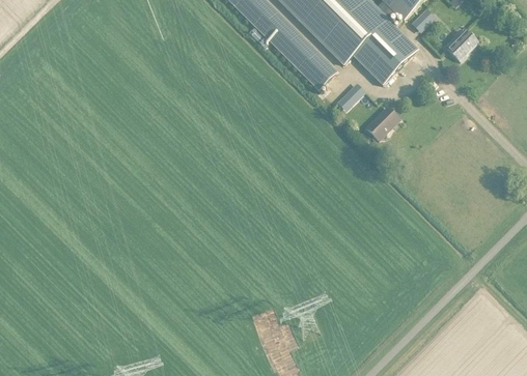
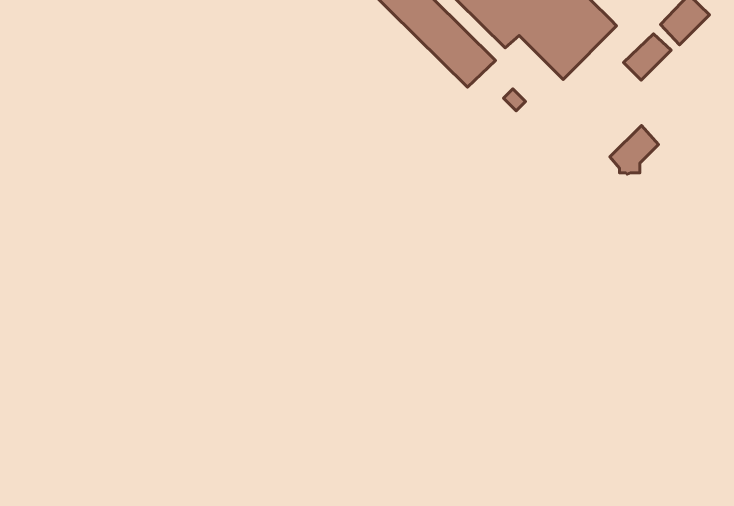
building: none -> [623,34,671,80]
building: [366,106,398,138] -> [610,126,659,174]

